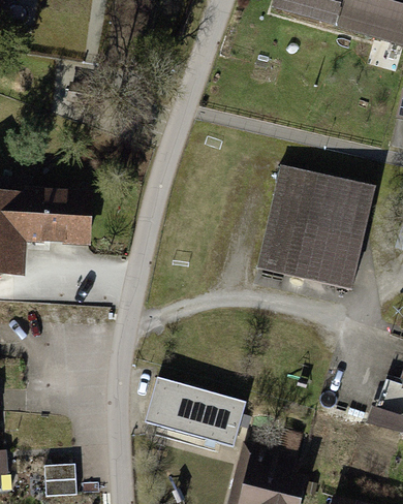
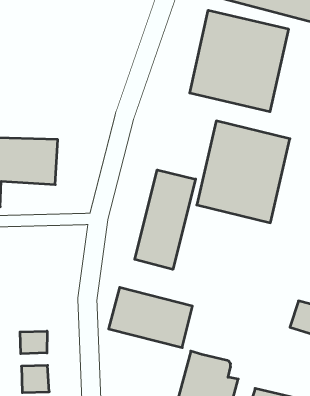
building: none -> [190,10,288,112]
building: none -> [135,170,196,269]
building: none -> [20,331,47,354]

